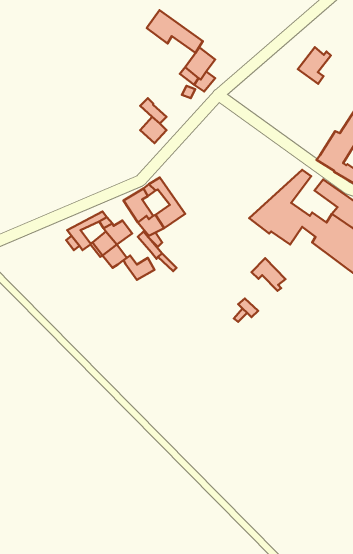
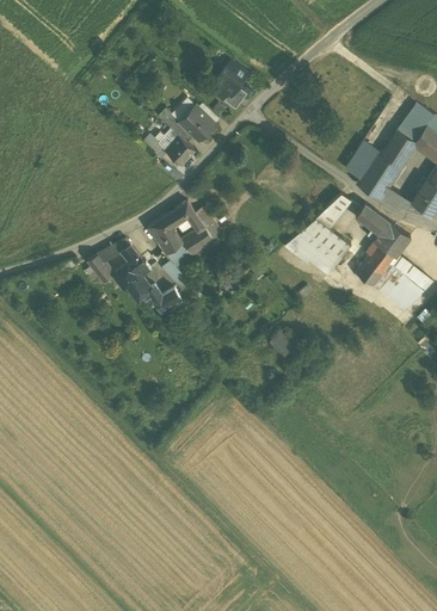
building: [147,10,203,53] -> none
building: [298,47,331,84] -> none
building: none -> [180,106,214,141]
building: none -> [346,141,377,178]
building: [251,258,286,291] -> none

